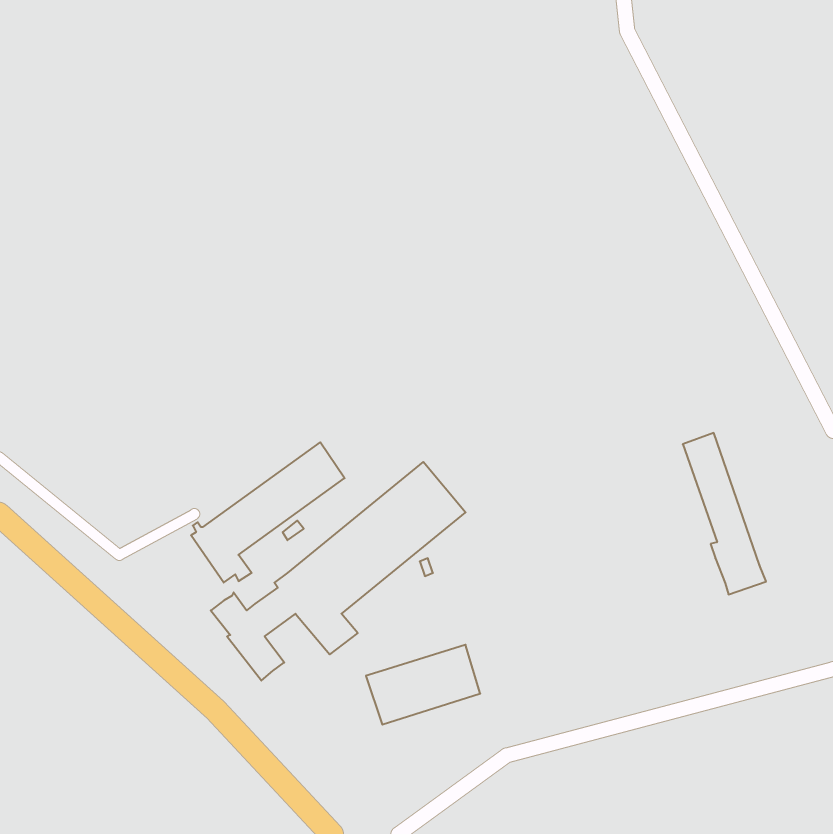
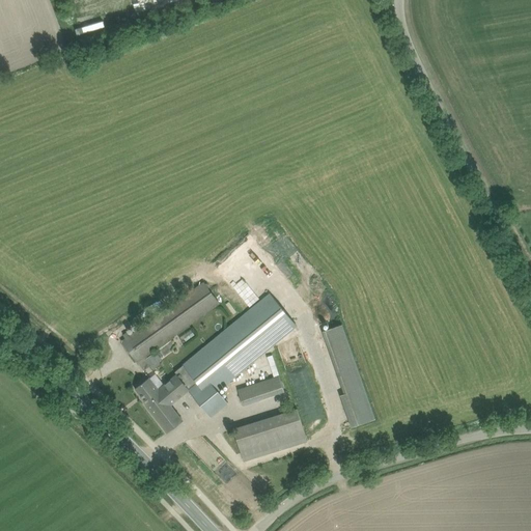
building: [683,433,766,594] -> [322,325,374,427]
building: none -> [236,375,283,406]

